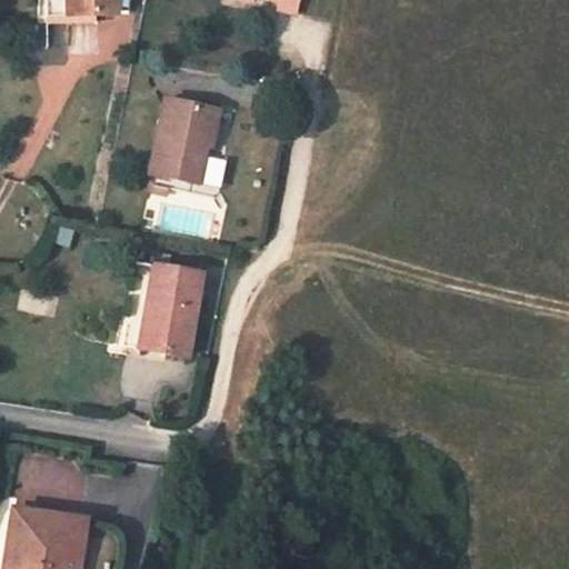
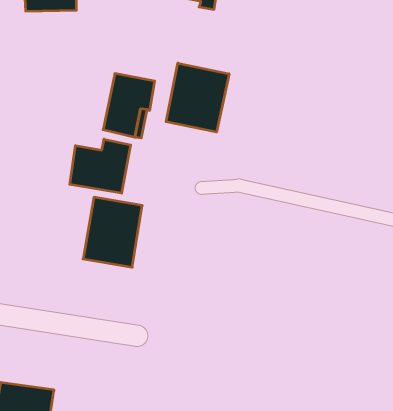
building: none -> [166,63,229,132]
building: none -> [70,139,131,193]

